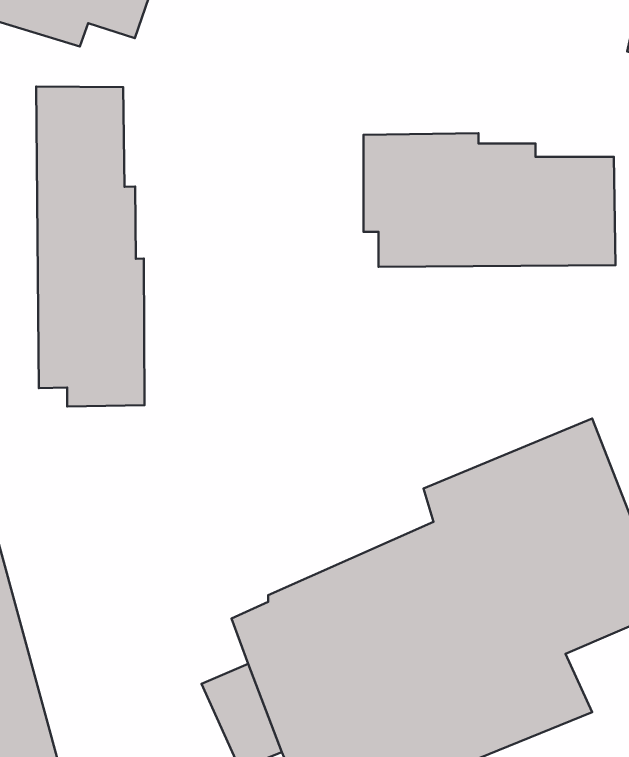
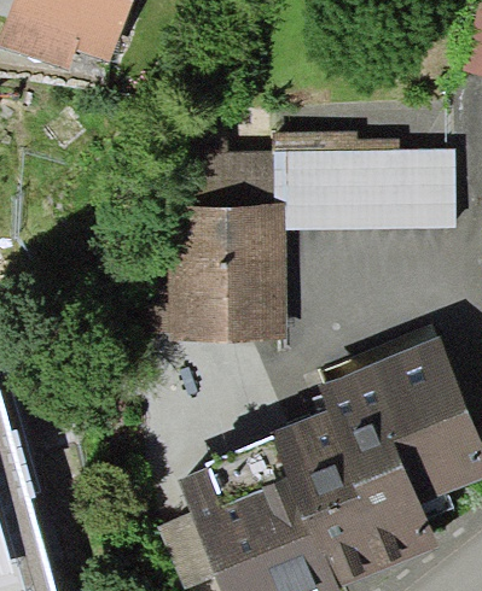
building: [36,87,145,407] -> none
building: none -> [167,203,286,340]

